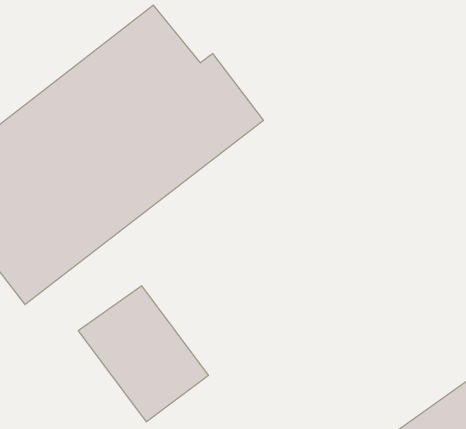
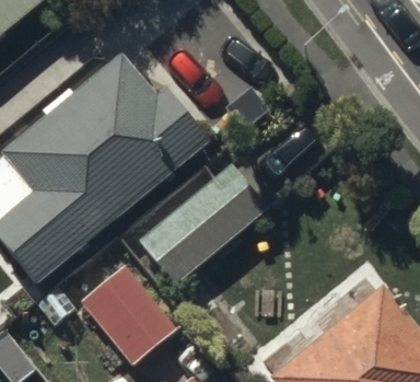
building: none -> [139,160,273,286]

